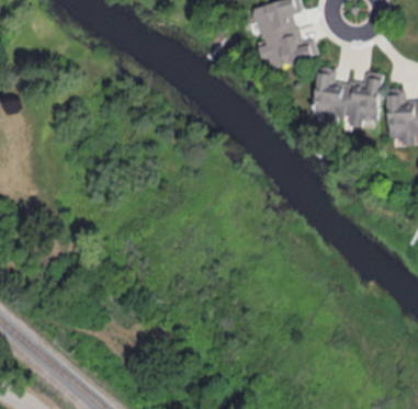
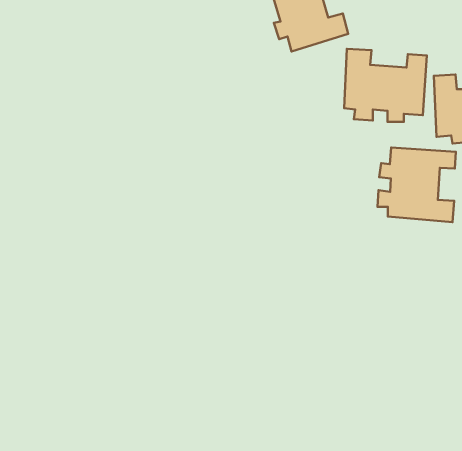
building: none -> [377,148,456,222]

